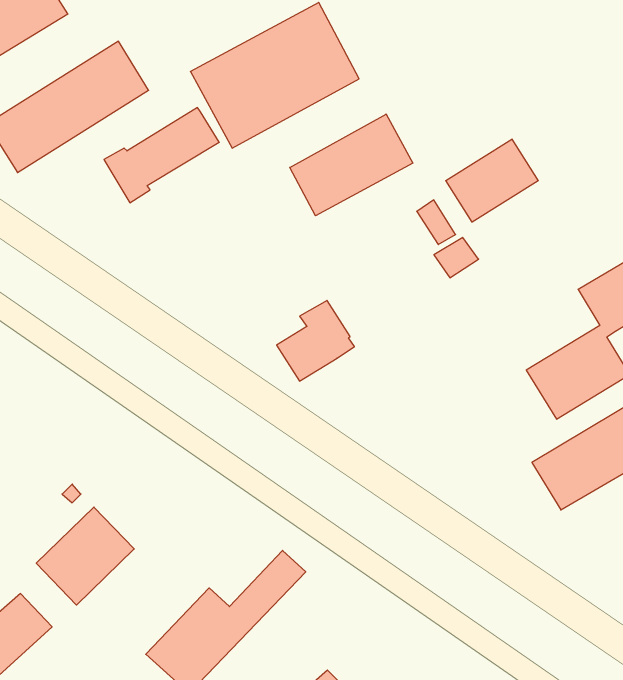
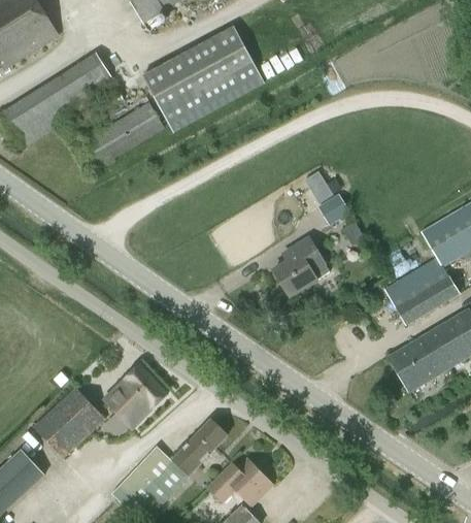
building: [290,114,413,216] -> none
building: [446,139,538,222] -> none
building: [277,300,354,381] -> [273,237,329,295]
building: none -> [103,363,167,427]
building: none -> [208,461,273,504]

